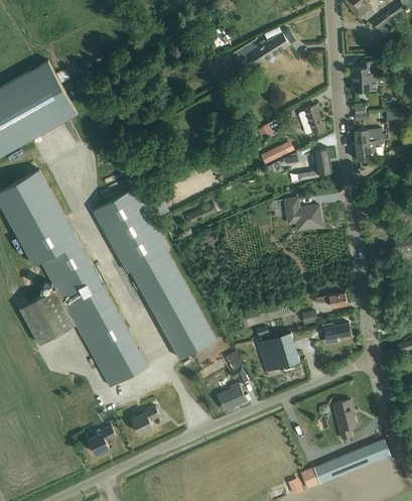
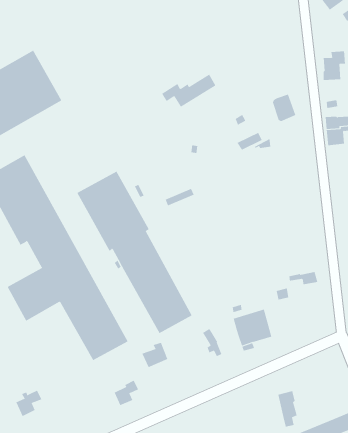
building: [232,29,293,65] -> [158,74,216,108]
building: [297,148,331,180] -> none
building: [284,198,320,230] -> none
building: [323,323,351,343] -> none
building: [217,383,245,410] -> [141,342,168,368]
building: [333,400,355,439] -> [277,391,298,427]
building: [88,426,116,455] -> [15,390,42,417]

